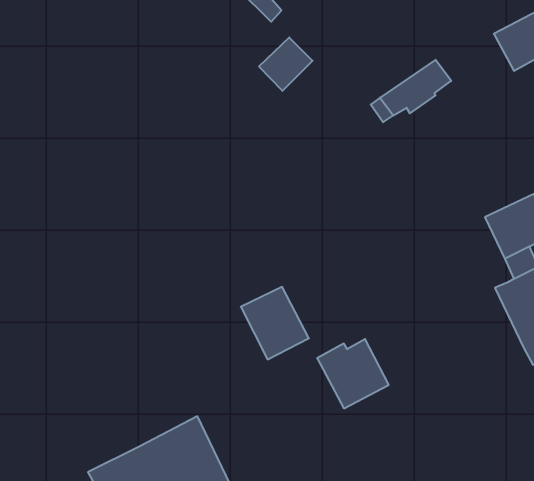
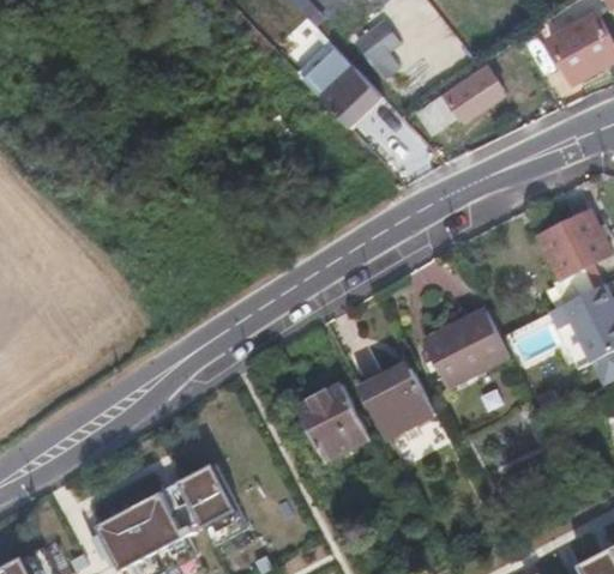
building: none -> [350,17,401,65]
building: none -> [321,67,383,128]
building: none -> [422,309,510,387]
building: [241,287,309,359] -> [296,383,369,461]

